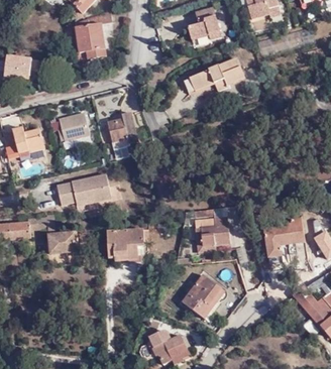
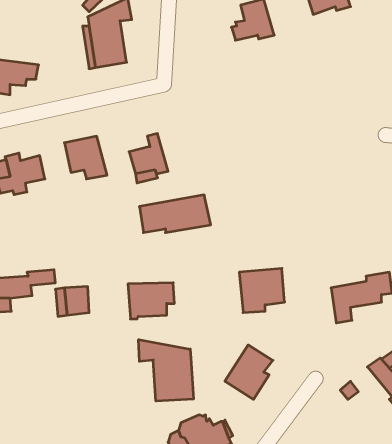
building: [189,59,243,93] -> none
building: [53,174,109,204] -> [139,195,211,233]
building: none -> [139,340,193,401]

